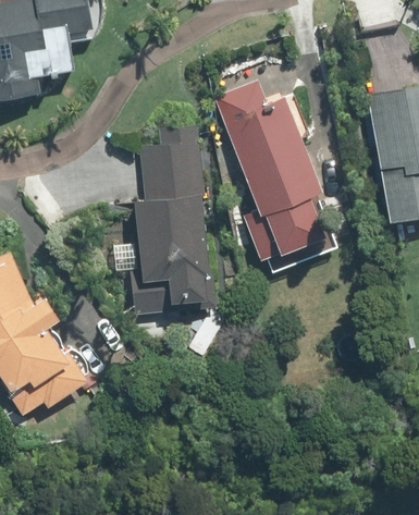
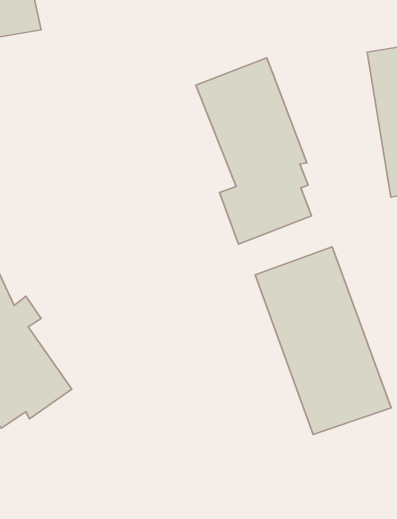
building: [125,115,209,292] -> none
building: none -> [255,247,391,435]

